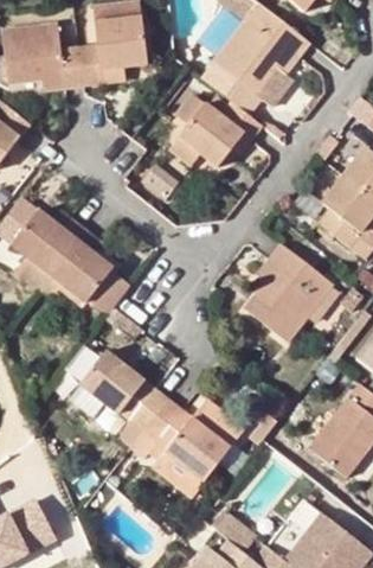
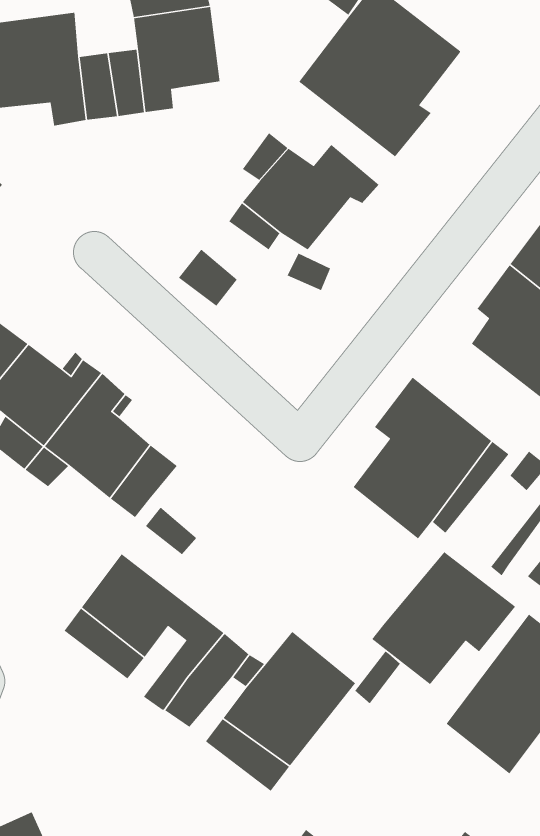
building: none -> [371,551,516,685]

